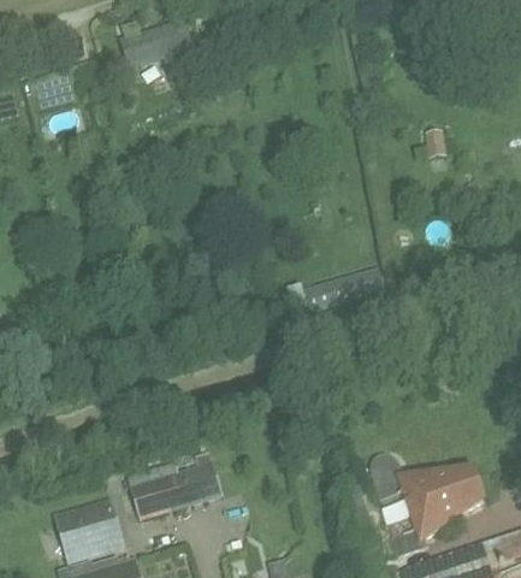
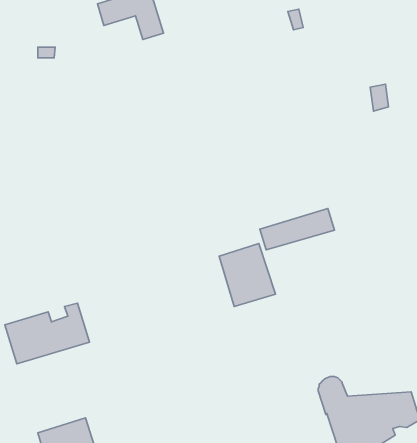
building: none -> [219,244,275,307]
building: [125,450,219,518] -> [5,303,89,364]

